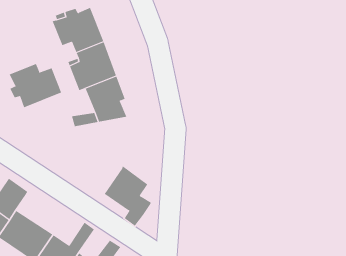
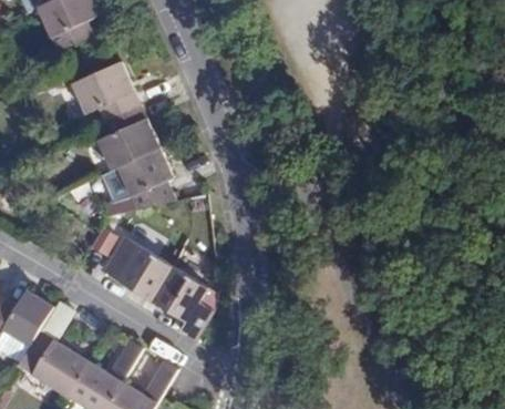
building: [9,63,62,108] -> none
building: none -> [102,234,173,301]

